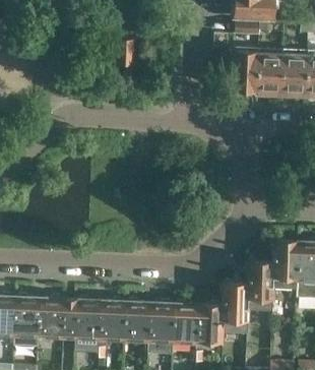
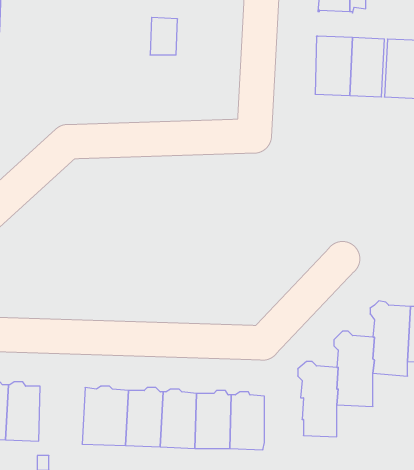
building: [38,297,70,338] -> none
building: [195,303,224,344] -> none

